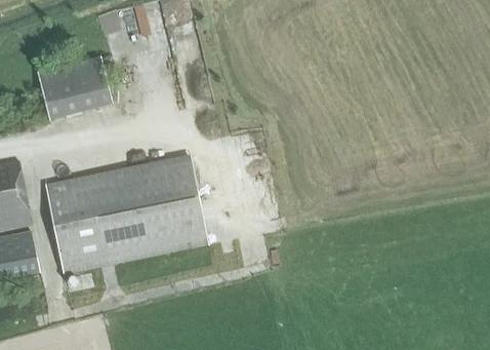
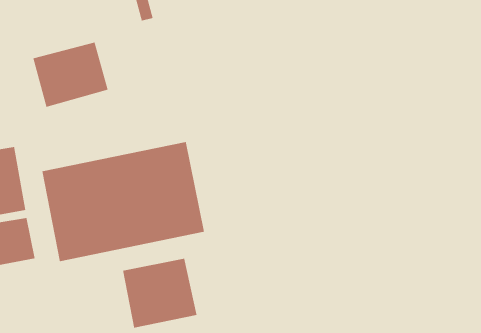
building: none -> [122,258,197,328]

